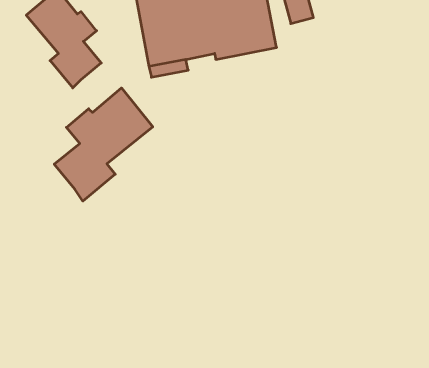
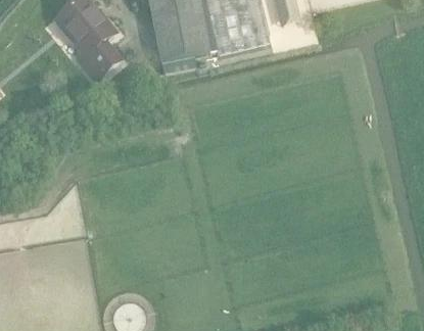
building: [54,88,153,201] -> none

